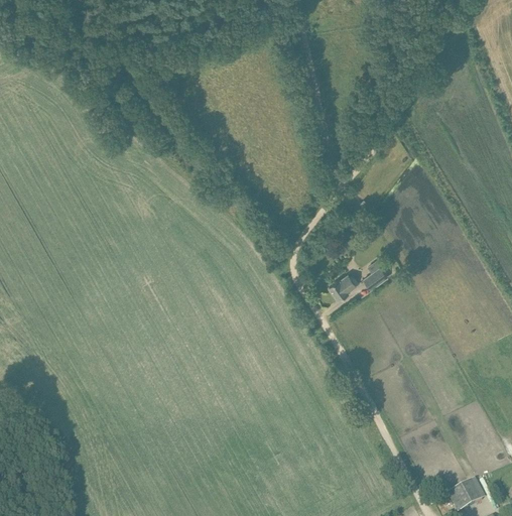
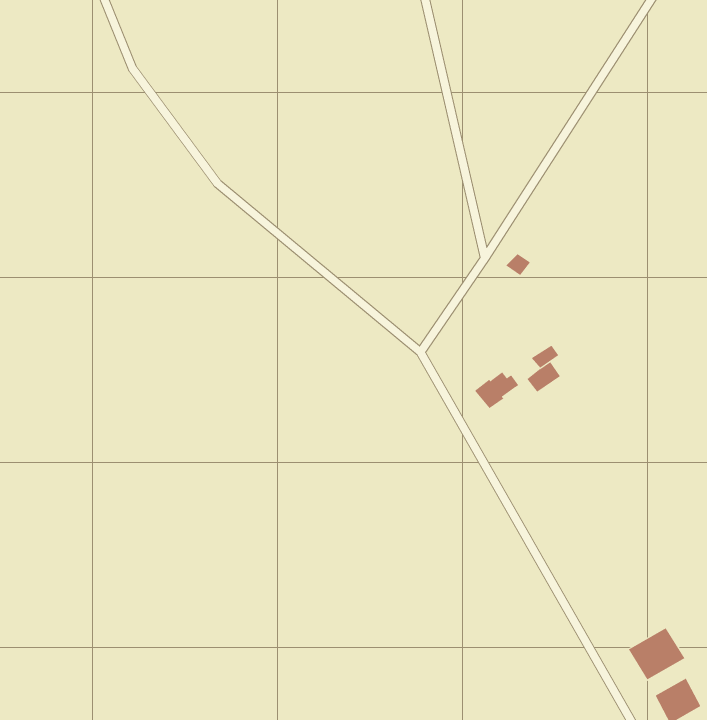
building: none -> [628,628,685,680]

